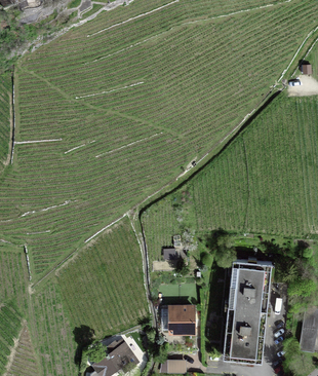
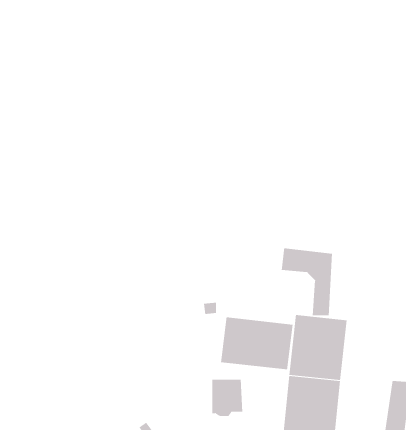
building: none -> [281,248,333,316]
building: none -> [220,317,293,370]

